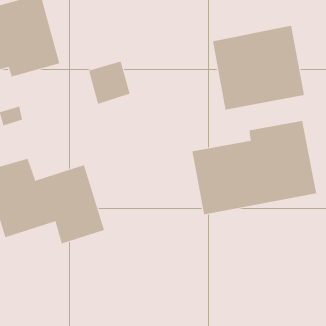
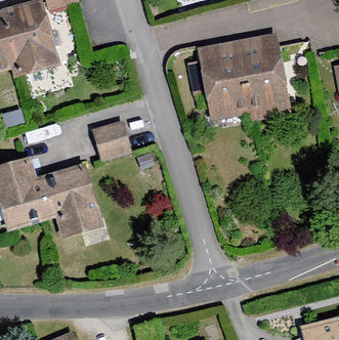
building: [88,61,131,104] -> [91,120,132,162]
building: [192,120,317,215] -> none

